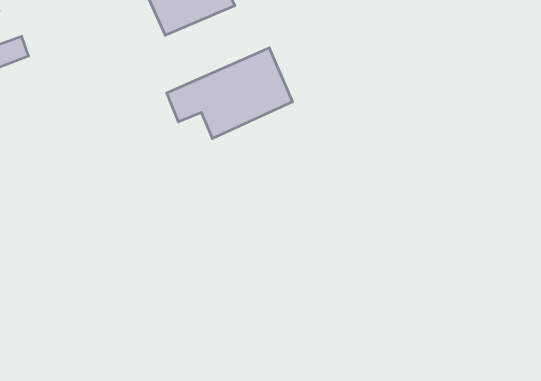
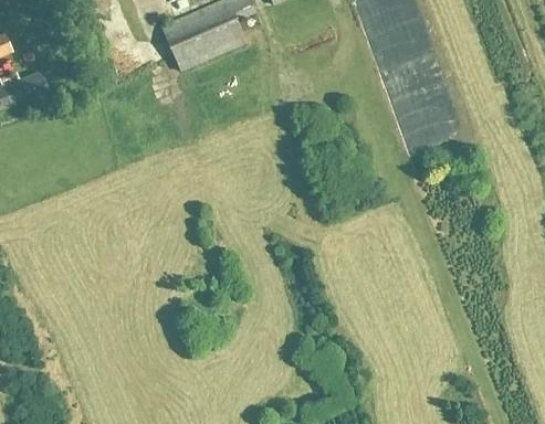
building: [167,48,293,139] -> none

